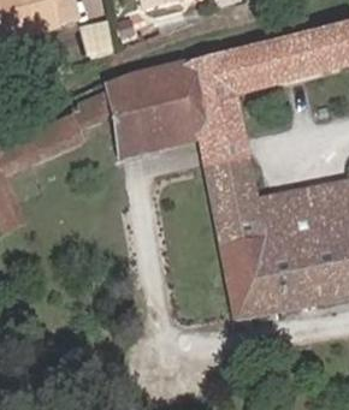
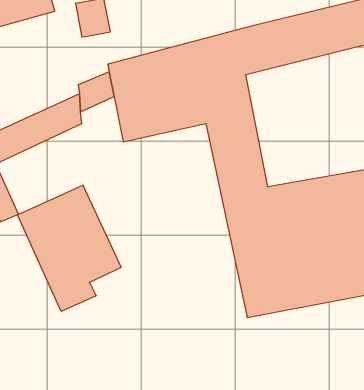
building: none -> [17,185,121,311]

